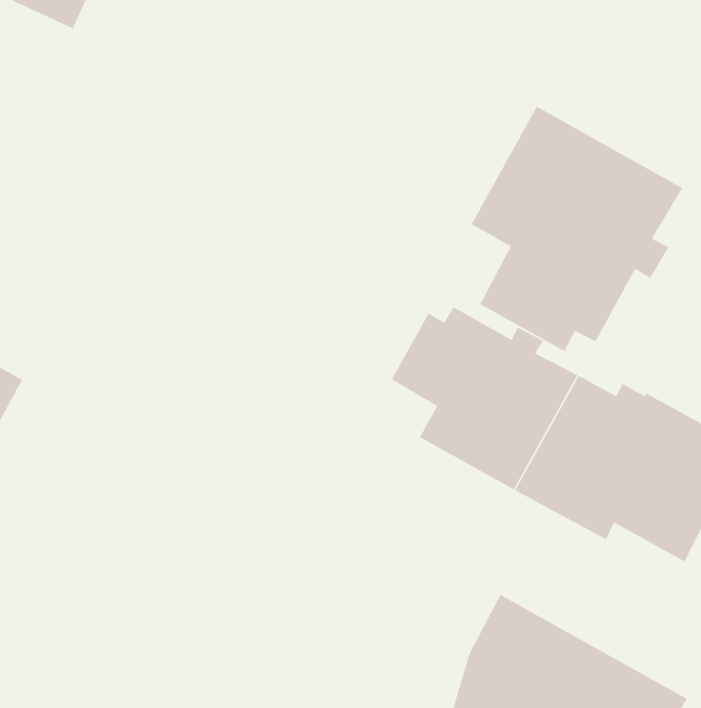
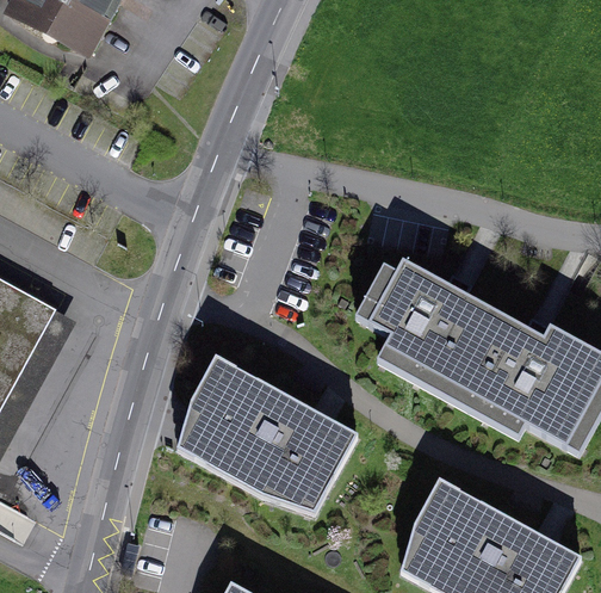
building: [470,106,683,352] -> none
building: none -> [175,354,358,514]

